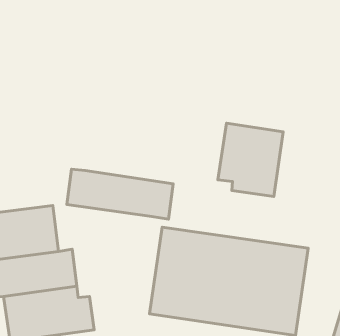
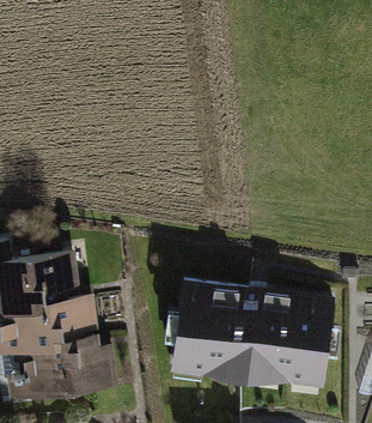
building: [218,123,283,197] -> none
building: [67,169,173,219] -> none

